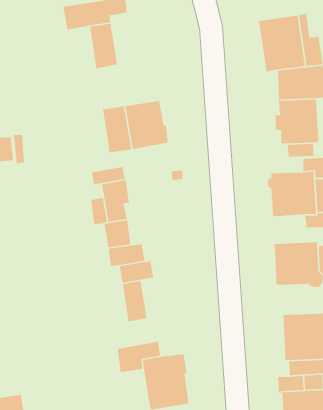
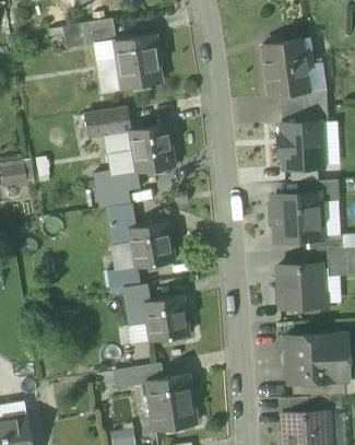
building: none -> [115,34,159,89]
building: none -> [83,106,130,136]
building: none -> [93,168,139,195]
building: none -> [129,222,171,267]
building: none -> [145,296,188,340]

